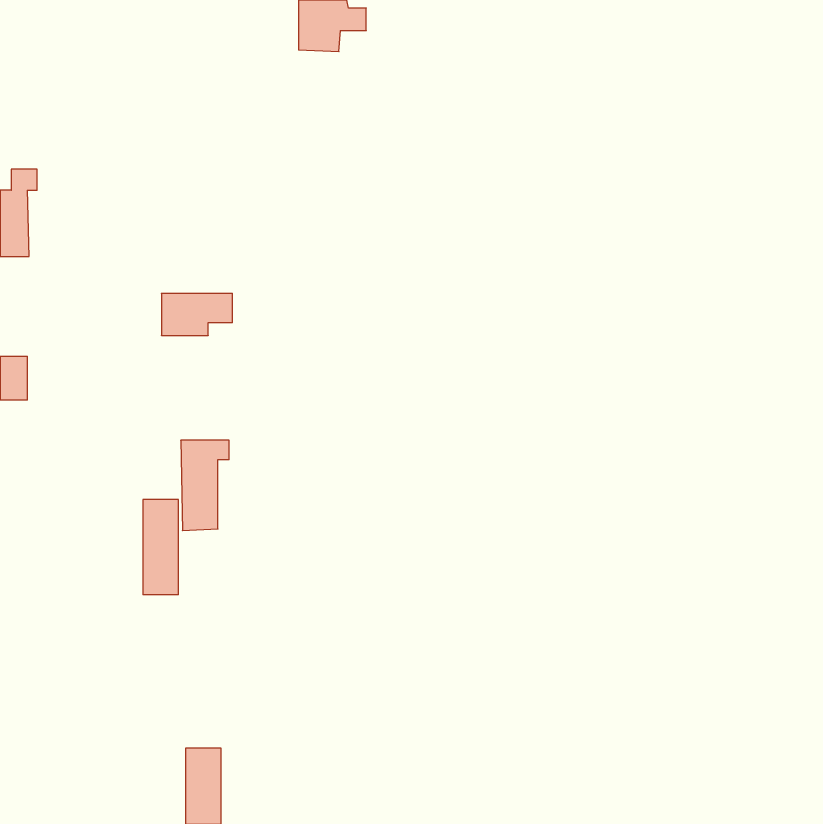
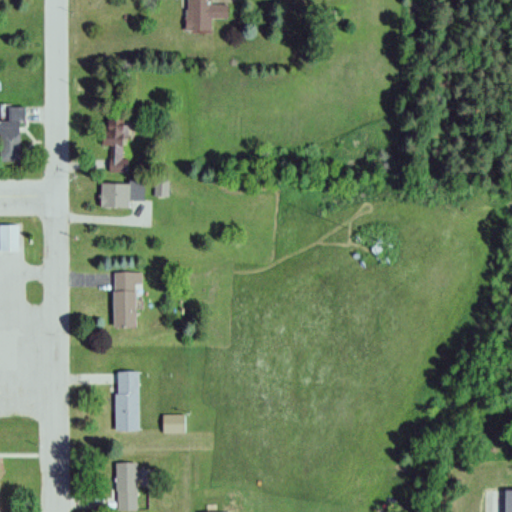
building: none -> [104,119,127,172]
building: [143,500,178,595] -> [116,373,138,432]
building: none -> [163,415,187,435]

